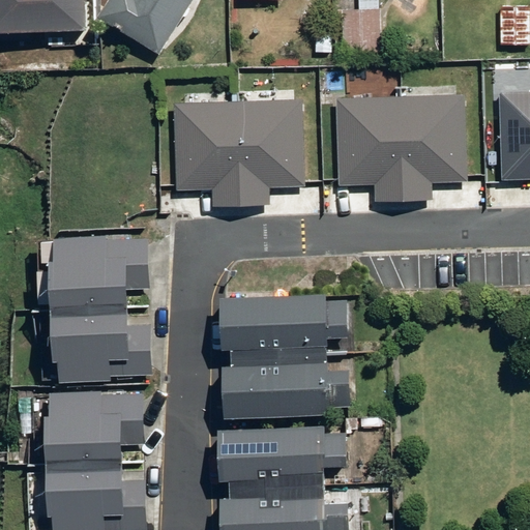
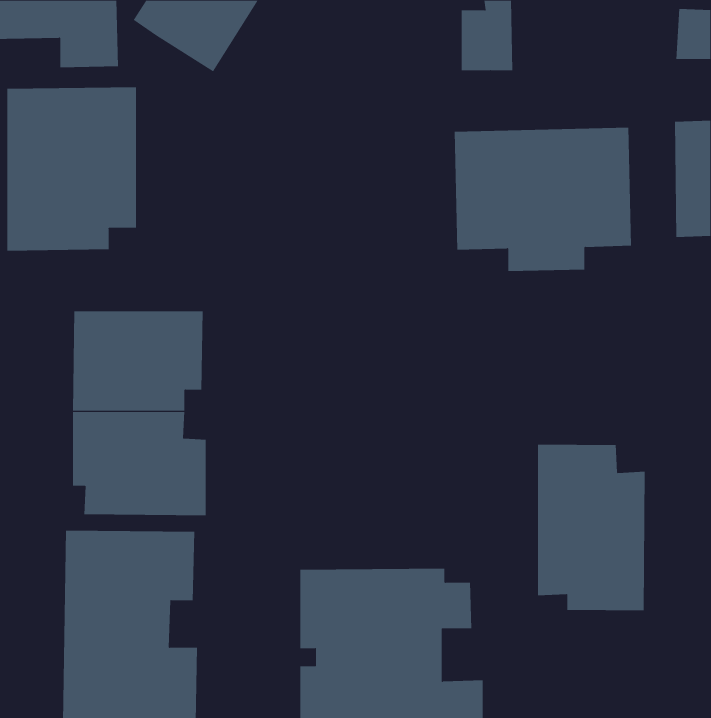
building: none -> [7,86,137,252]
building: [171,99,299,205] -> none
building: [223,292,352,412] -> none
building: none -> [537,444,645,611]

